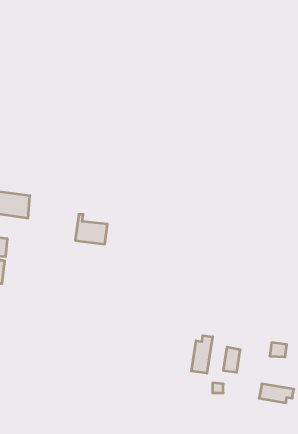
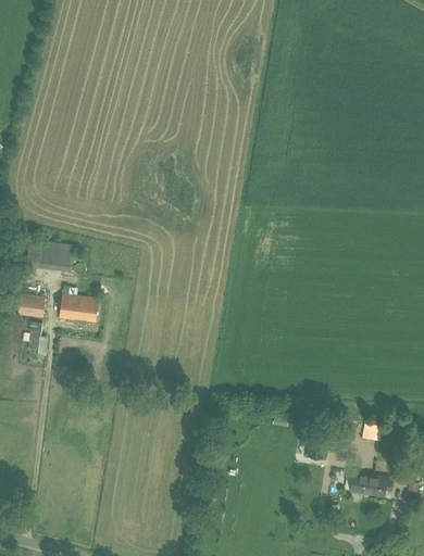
building: [75,214,107,244] -> [59,287,98,323]
building: [191,336,213,373] -> none

